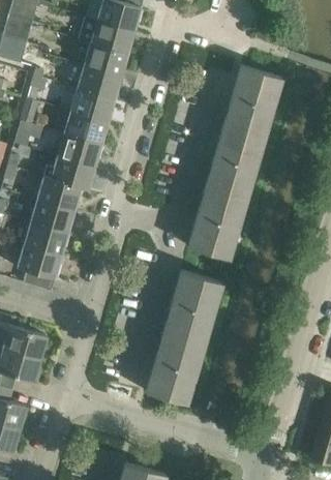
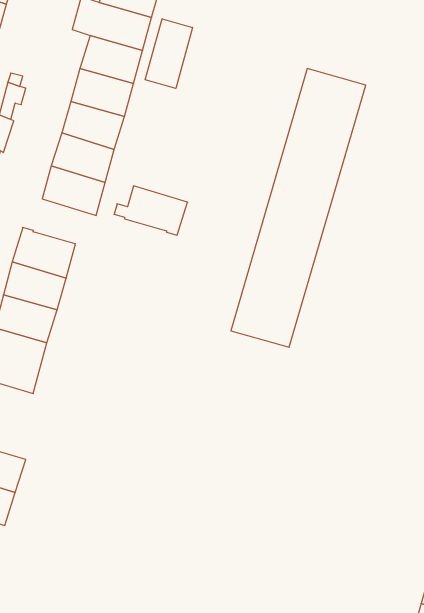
building: none -> [145,19,193,88]
building: [44,155,95,189] -> [114,186,188,235]
building: [147,270,222,403] -> none

